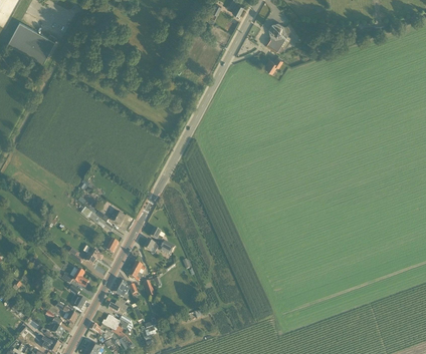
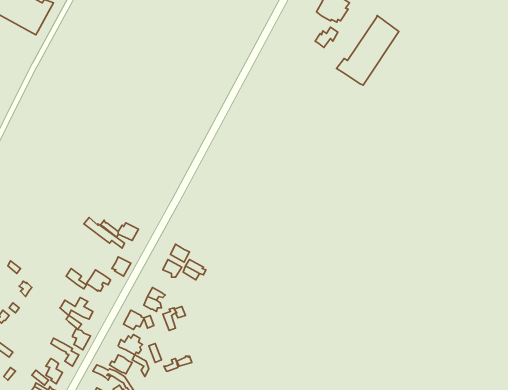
building: none -> [337,15,399,85]

